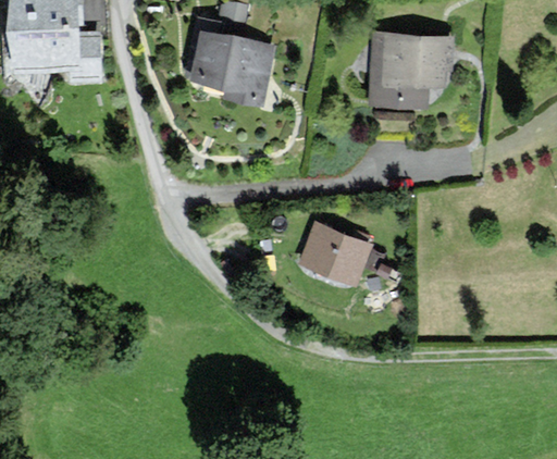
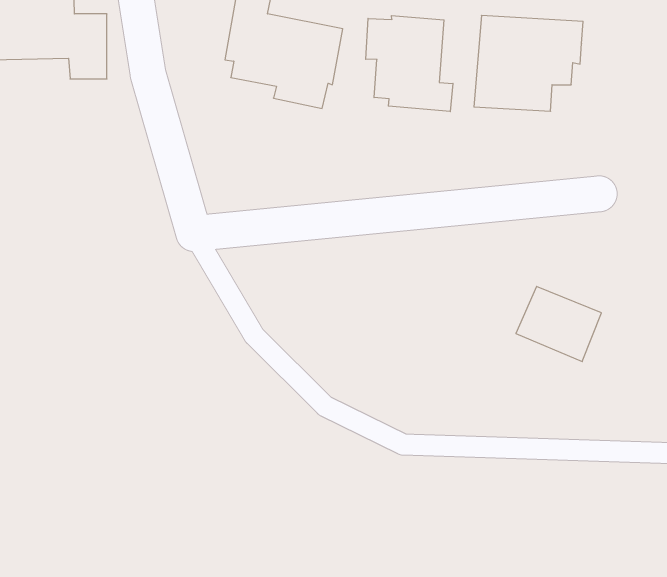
building: none -> [366,16,453,112]
building: [302,225,366,281] -> [516,286,601,362]

